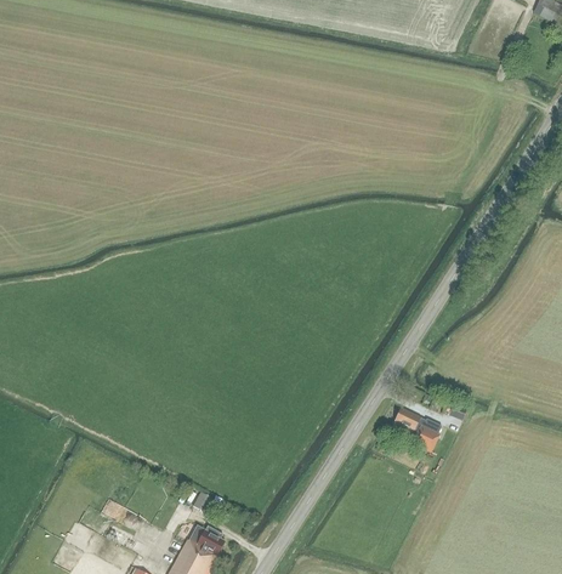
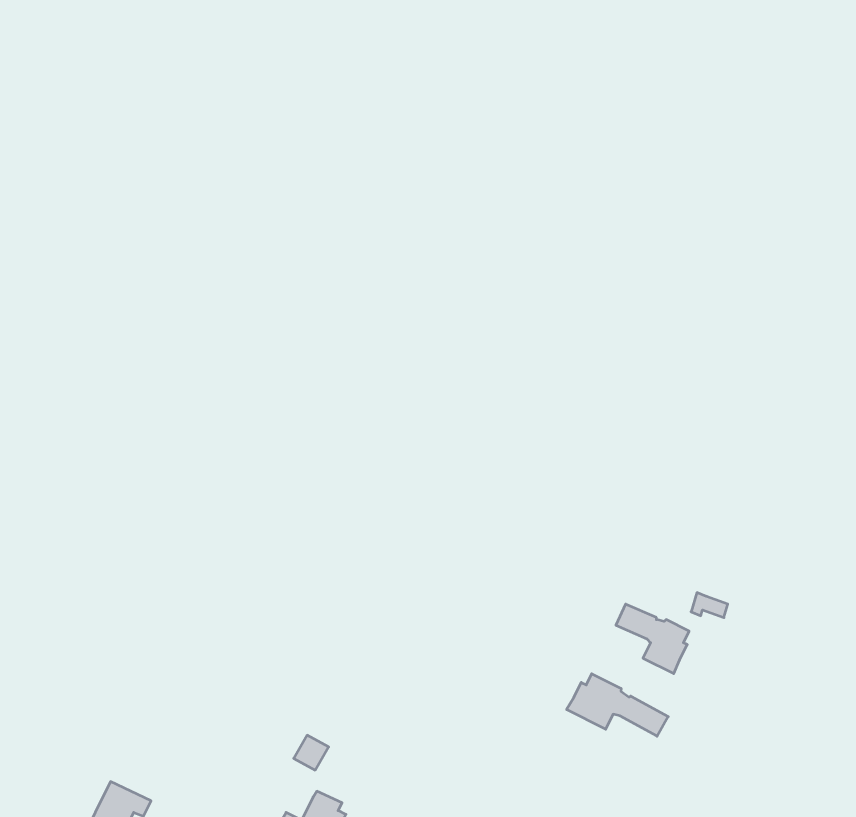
building: none -> [567,674,668,736]

